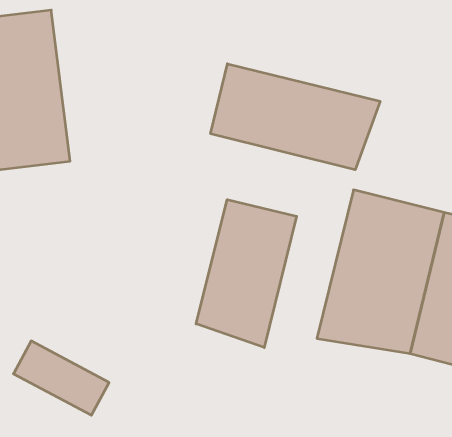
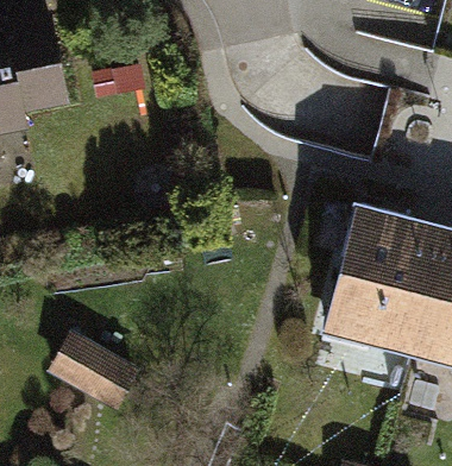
building: [211,64,380,170] -> none
building: [196,200,297,348] -> none

